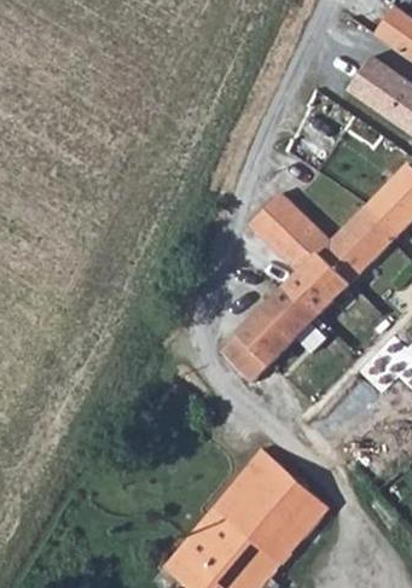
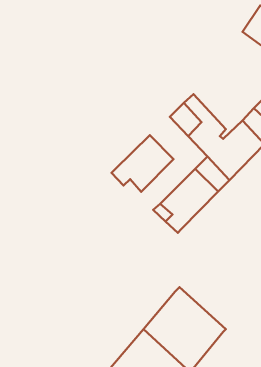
building: none -> [112,135,174,192]

